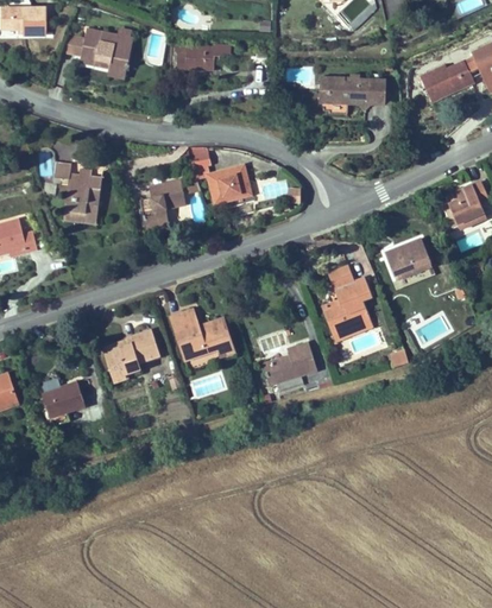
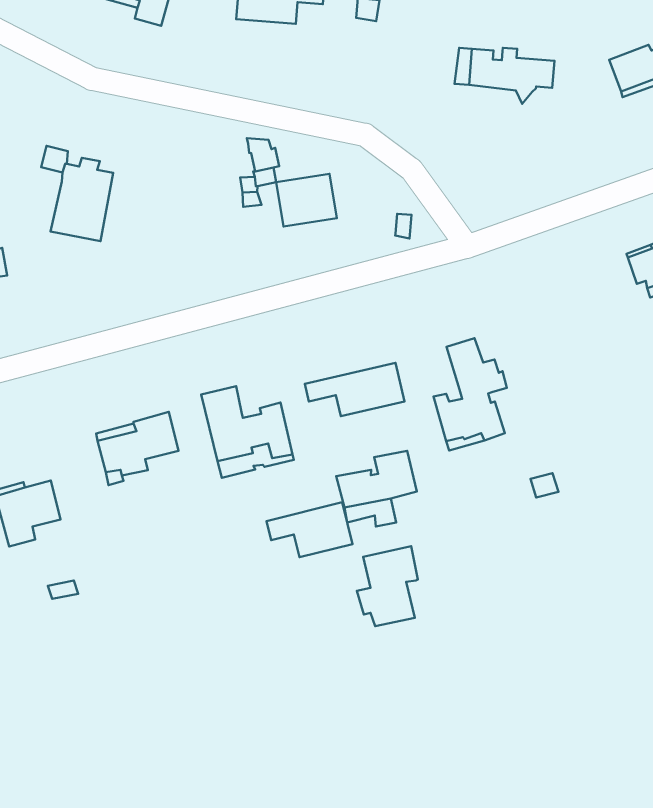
building: [139,180,185,228] -> none
building: [384,238,431,280] -> none
building: none -> [305,363,404,416]
building: none -> [267,502,352,557]
building: none -> [357,546,418,626]

